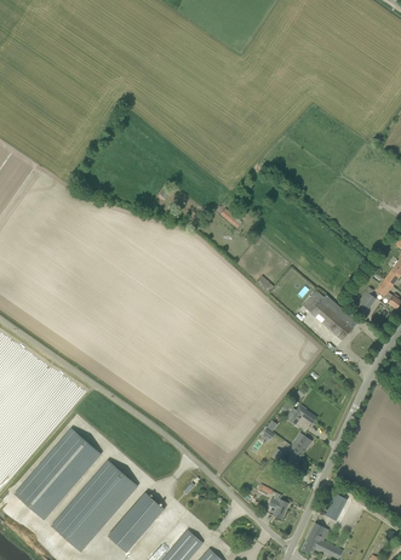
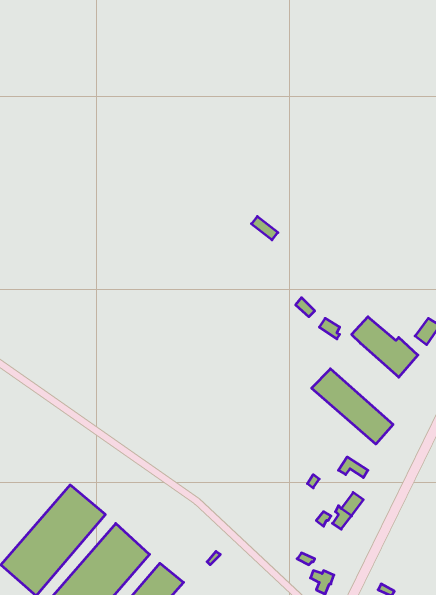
building: none -> [312,369,393,444]

